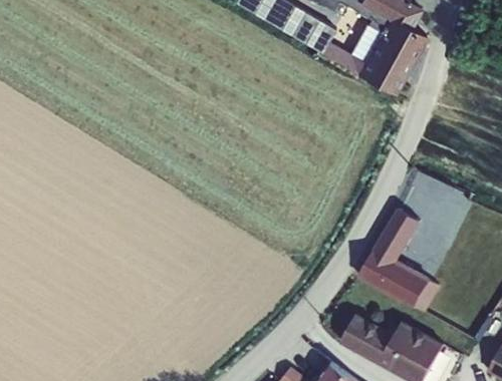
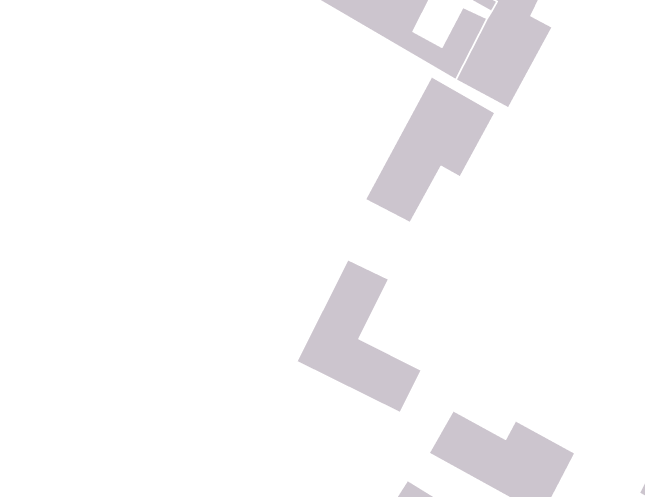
building: none -> [365,77,495,223]
building: [357,205,446,313] -> [297,259,422,413]

